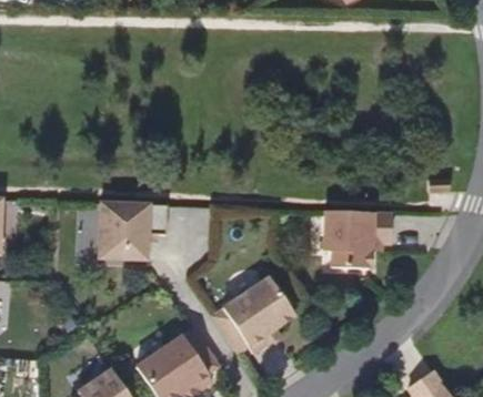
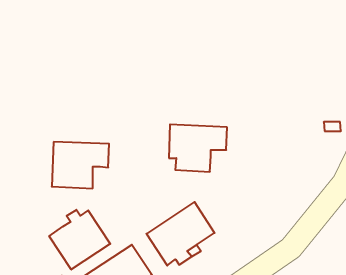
building: [320,211,391,268] -> [169,124,227,172]
building: none -> [49,210,110,270]

